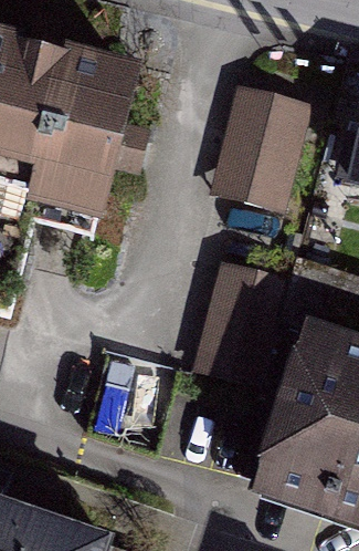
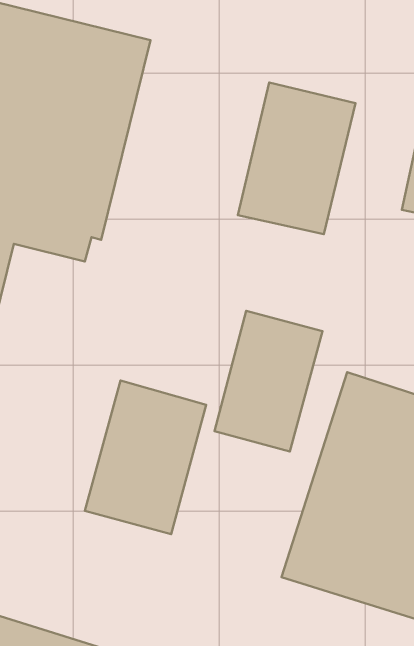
building: none -> [85,380,206,534]

